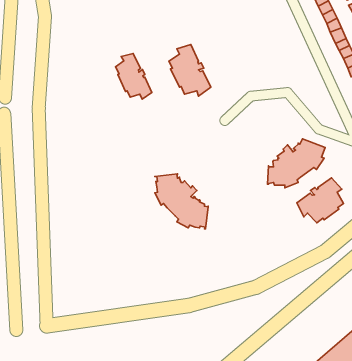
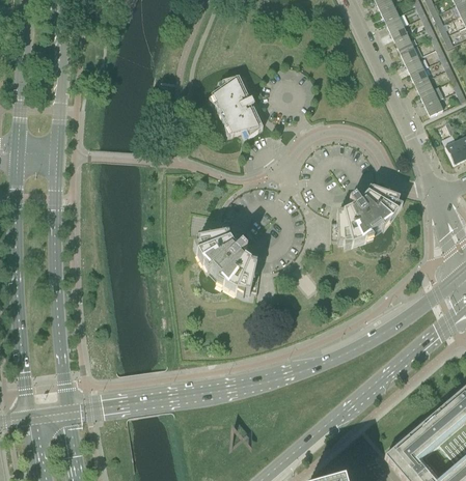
building: [116,54,152,99] -> none
building: [297,178,344,223] -> none

